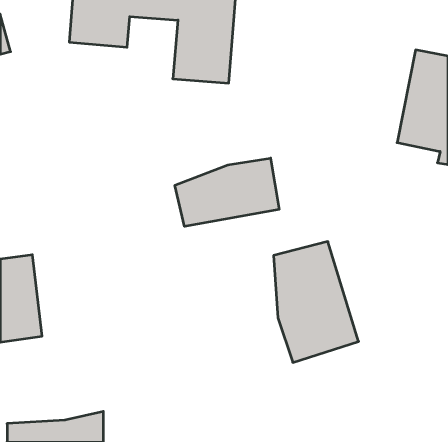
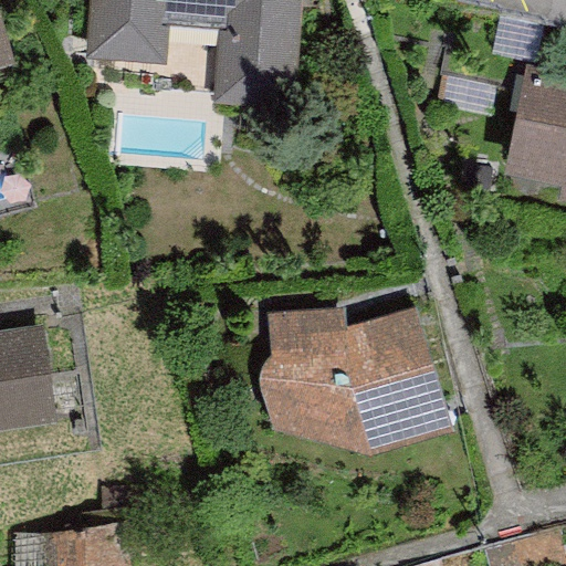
building: [175,158,279,226] -> none
building: none -> [258,308,369,458]

